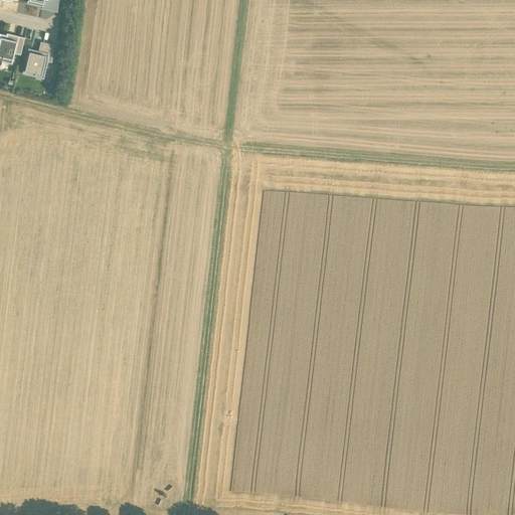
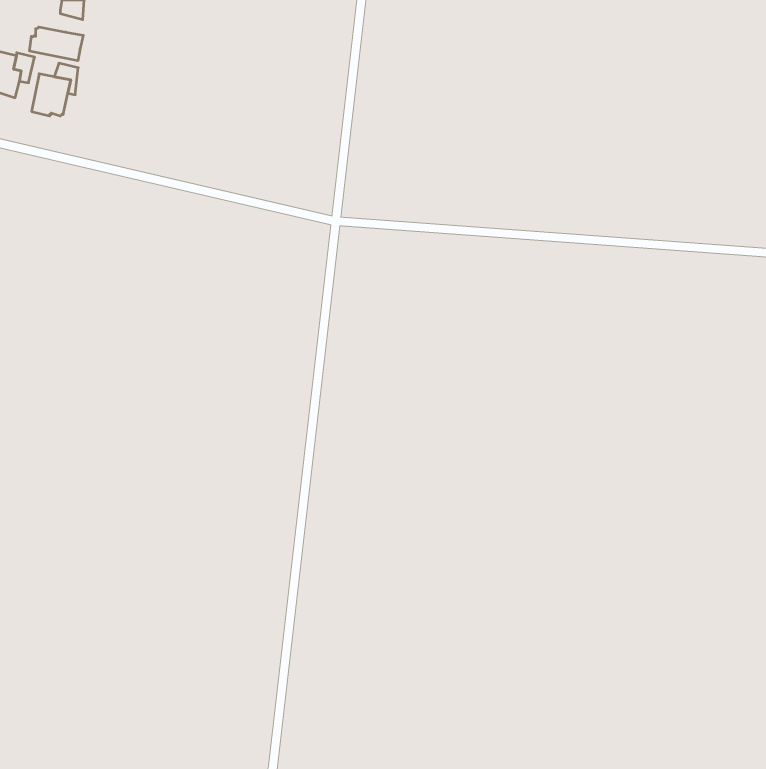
building: none -> [30,27,83,61]

